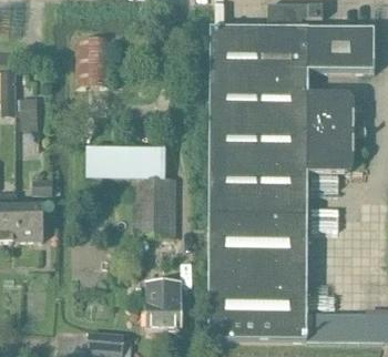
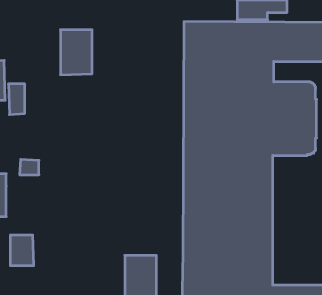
building: [85,146,175,236] -> none
building: [17,205,42,238] -> [10,235,34,266]

